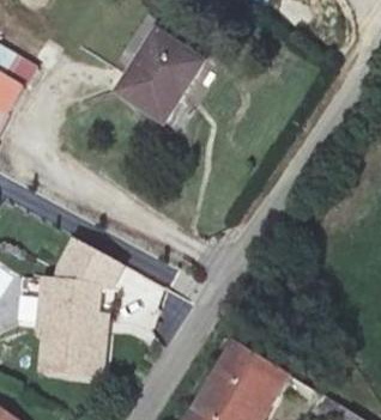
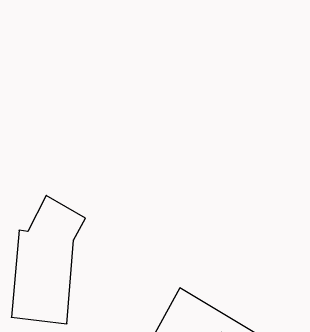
building: [120,32,206,123] -> none

